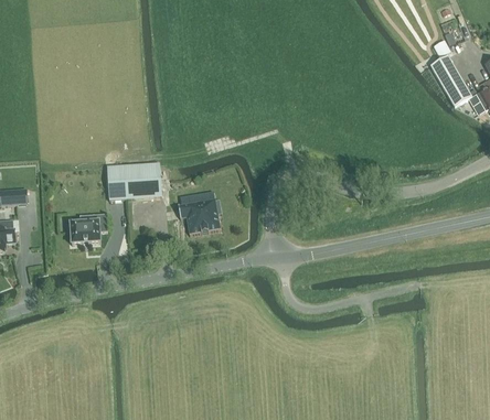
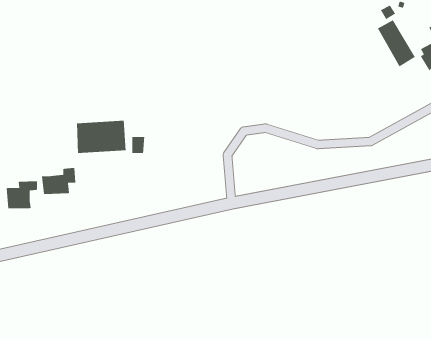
building: [178,196,221,233] -> none
building: none -> [6,180,38,210]

